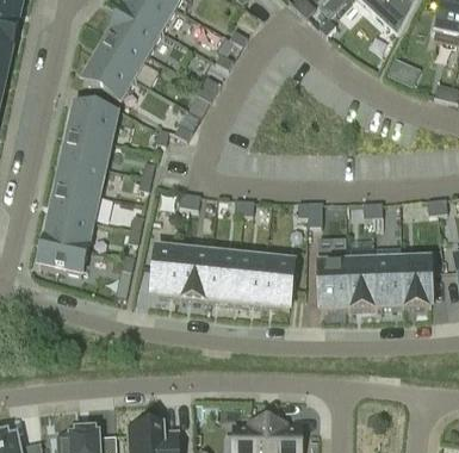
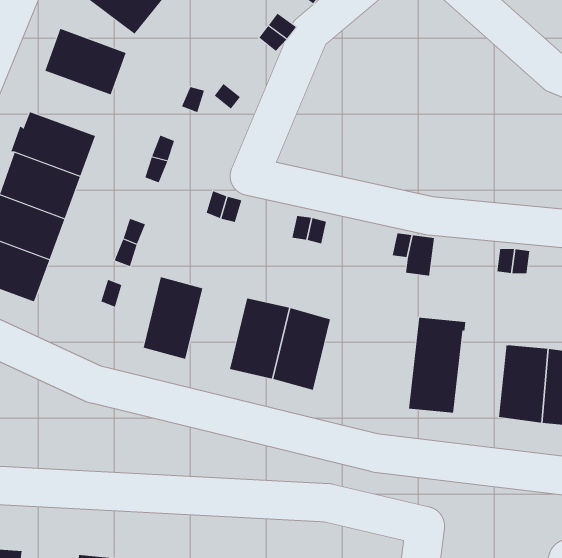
building: [62,130,111,166] -> none
building: [179,250,211,298] -> none
building: [347,254,376,306] -> none
building: [260,259,293,306] -> none

